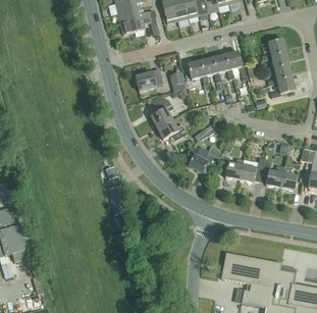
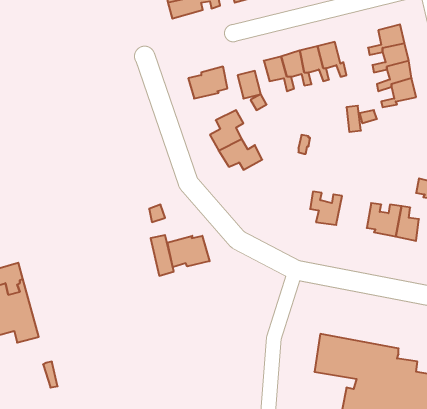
building: [189,145,221,172] -> none
building: [239,156,264,181] -> none
building: none -> [167,236,210,267]

